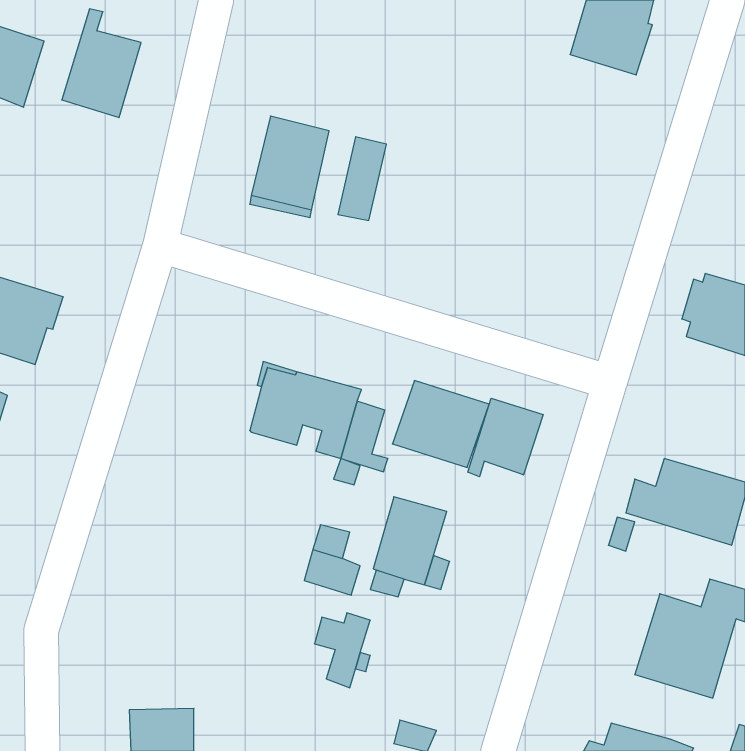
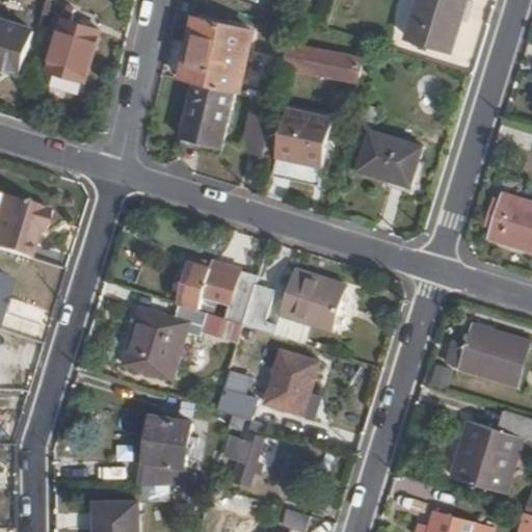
building: none -> [180,18,251,94]
building: none -> [280,44,361,83]
building: none -> [273,108,332,167]
building: none -> [355,129,422,188]
building: [468,398,543,477] -> none
building: none -> [119,305,219,381]
building: none -> [138,416,191,486]

